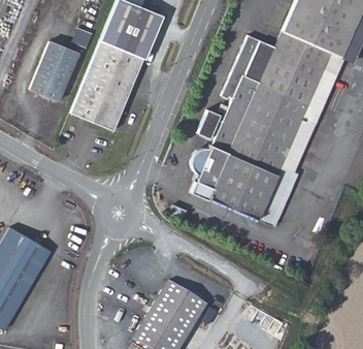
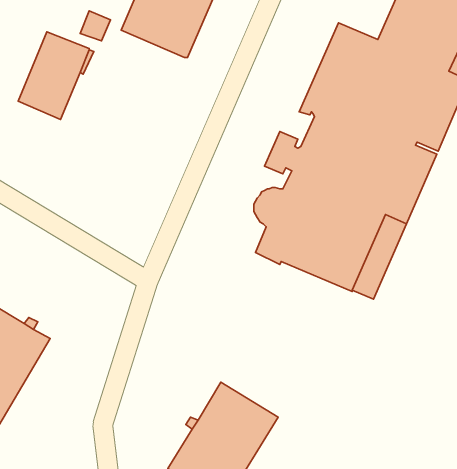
building: [70,40,143,131] -> none

